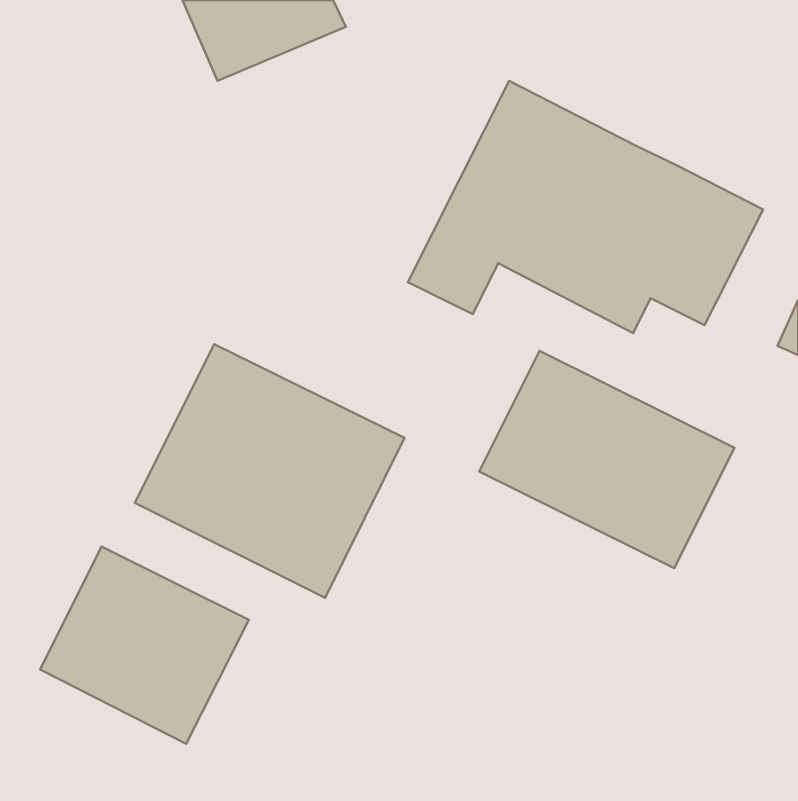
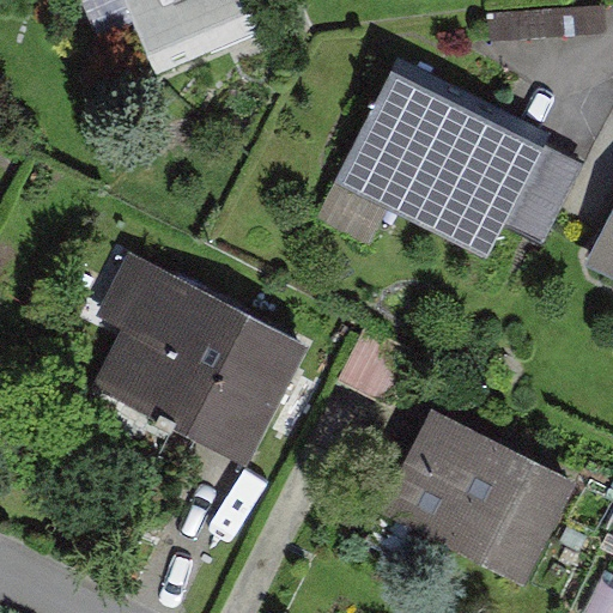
building: [479,351,735,568] -> [390,411,583,575]
building: [40,546,249,744] -> none

